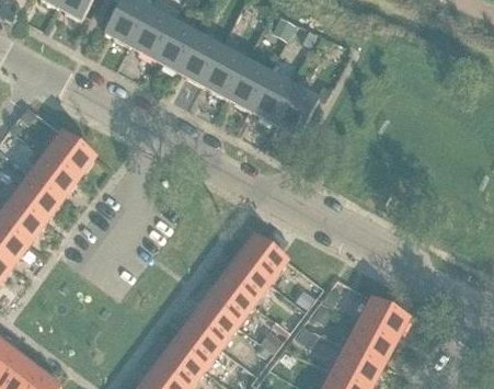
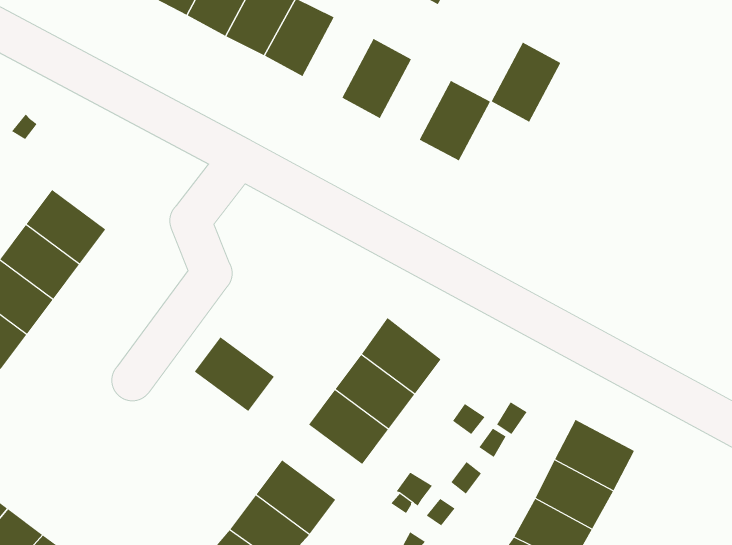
building: [200,45,244,95] -> none
building: [249,71,292,122] -> [491,42,561,122]
building: [44,129,95,178] -> none
building: [187,299,238,346] -> [194,336,275,412]

